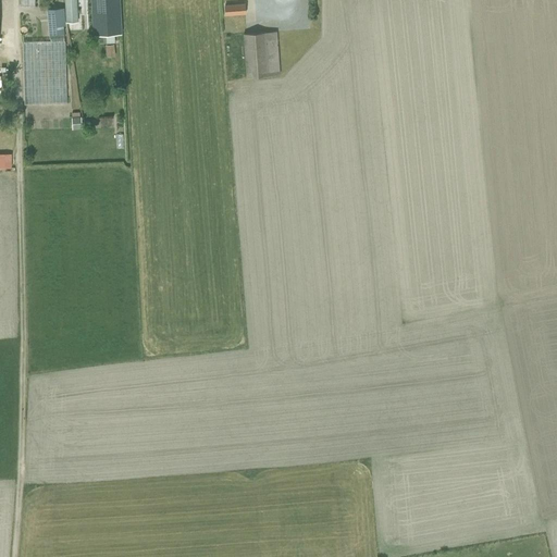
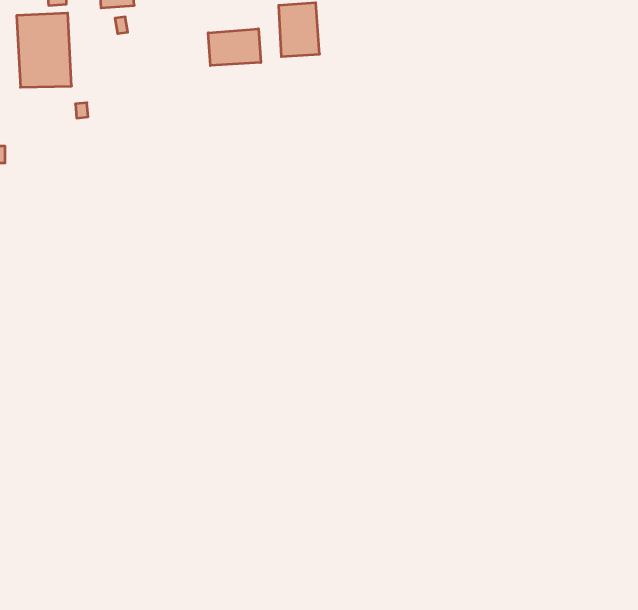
building: none -> [208,29,261,66]

